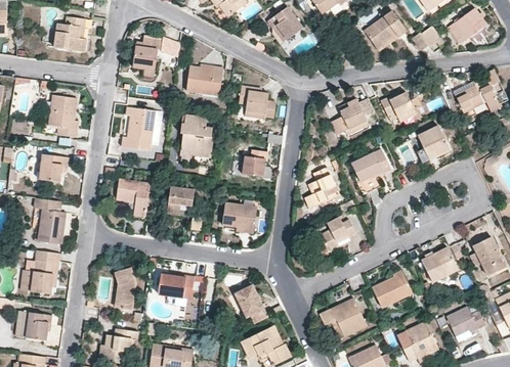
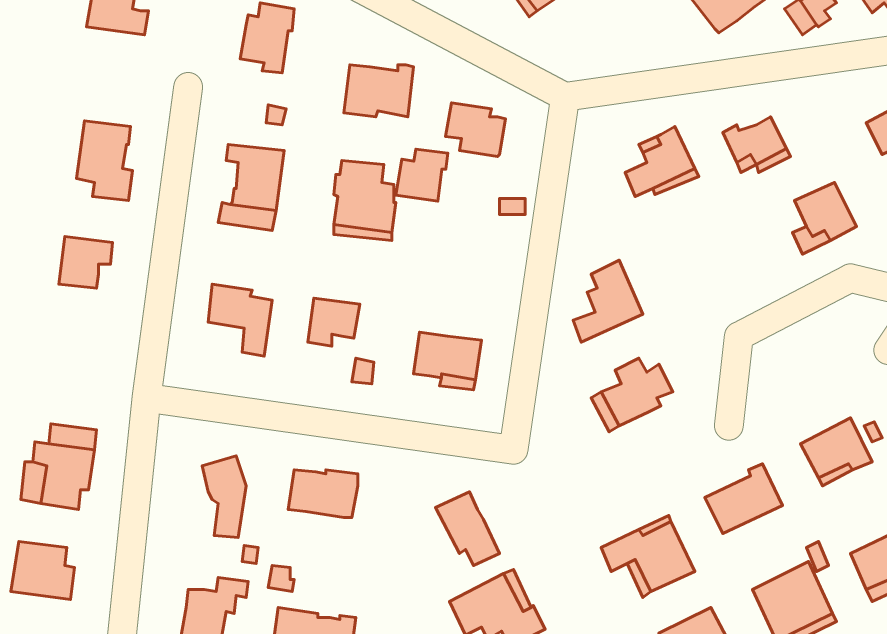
building: [351,149,390,182] -> none
building: [242,150,268,177] -> [396,149,448,201]
building: [35,198,66,244] -> none

